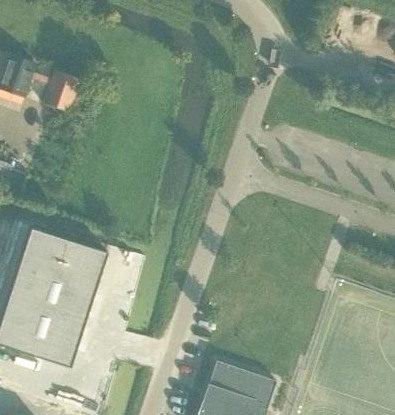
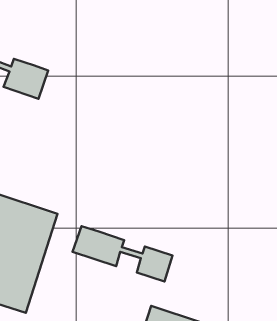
building: none -> [73,226,173,282]

